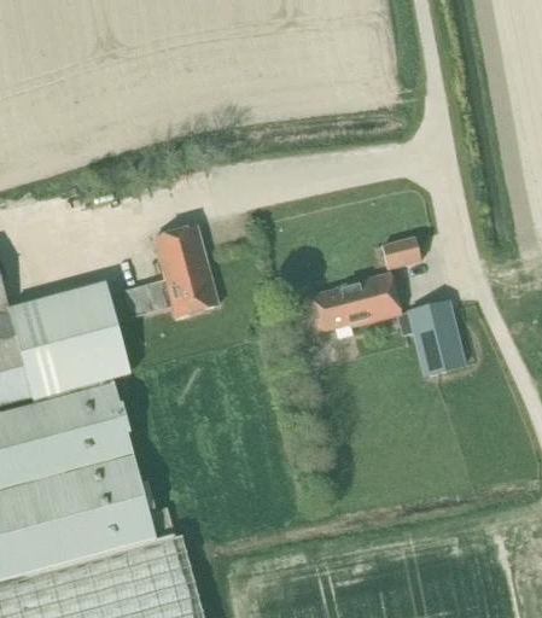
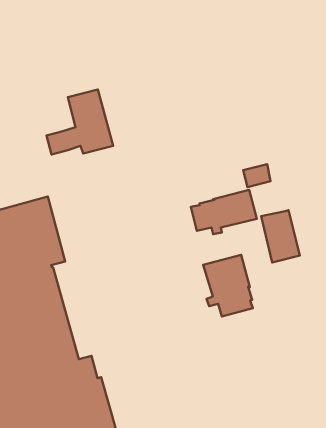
building: [123,226,217,317] -> [46,89,113,154]
building: none -> [203,255,253,317]

